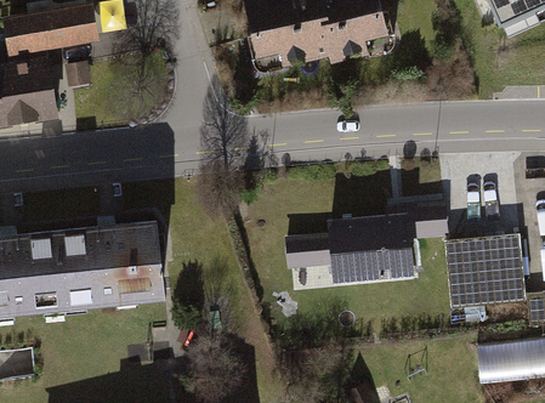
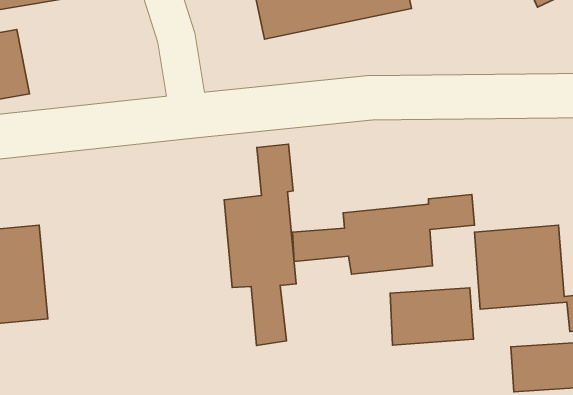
building: none -> [224,144,296,345]
building: [67,222,169,312] -> none
building: none -> [390,288,474,345]

